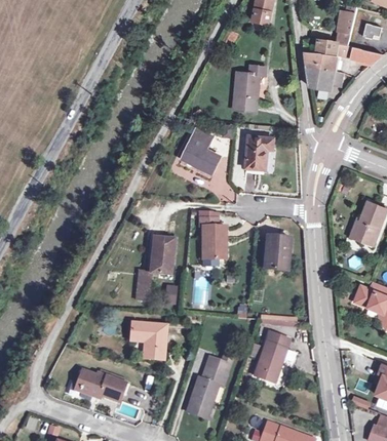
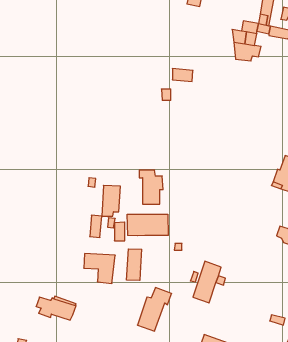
building: [233,66,264,99] -> none
building: [183,132,219,169] -> none
building: [242,139,274,171] -> none
building: [261,236,286,269] -> none
building: none -> [127,214,168,236]
building: none -> [127,249,142,280]

